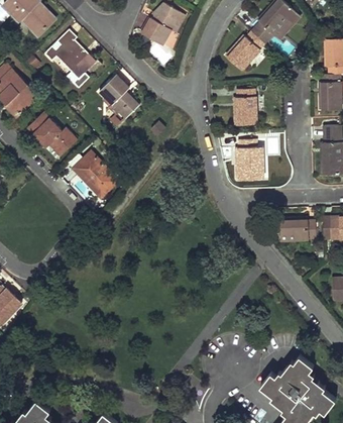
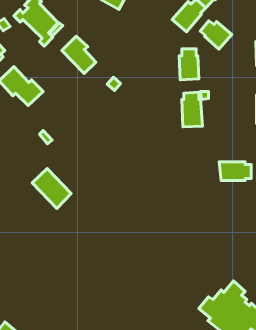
building: none -> [200,21,232,49]
building: [75,149,119,195] -> [32,168,71,209]

